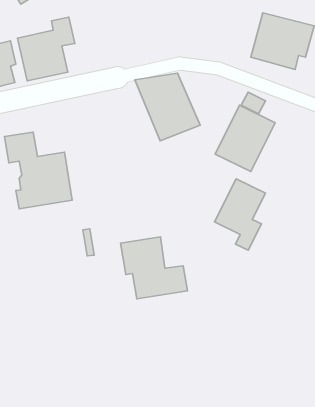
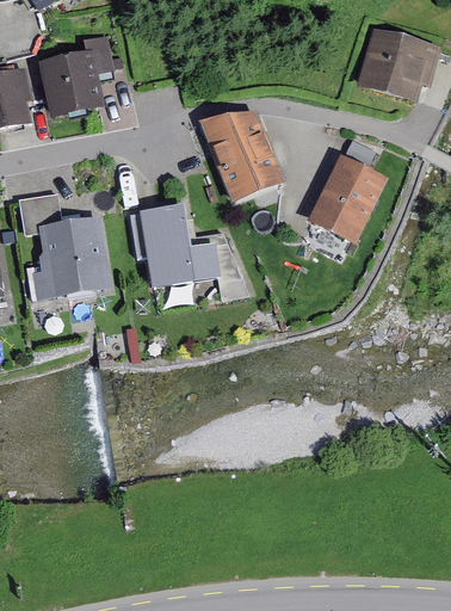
building: [215,179,265,250] -> none
building: [120,237,187,299] -> [130,203,222,288]

